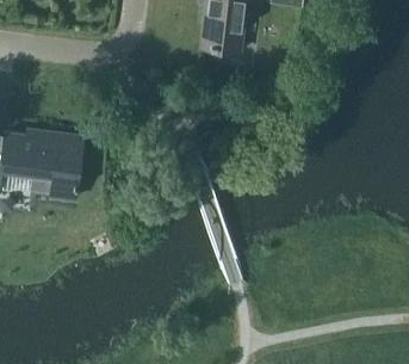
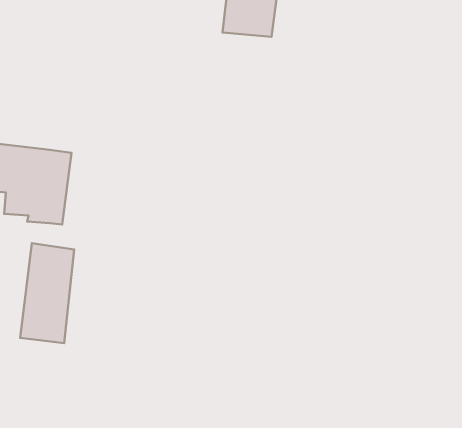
building: none -> [20,243,74,343]

